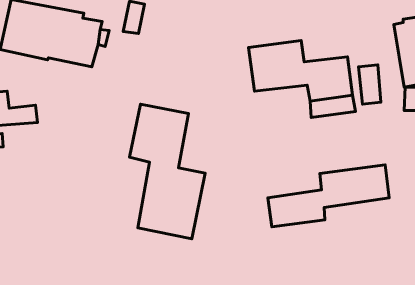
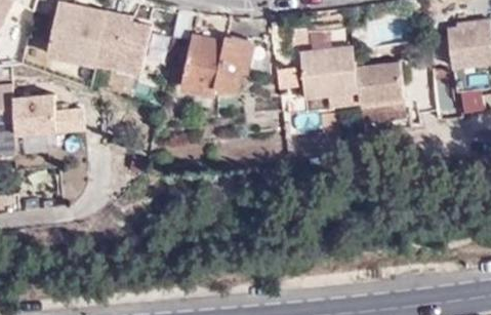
building: none -> [185,11,252,89]
building: [130,104,205,239] -> none
building: [268,165,389,227] -> none

